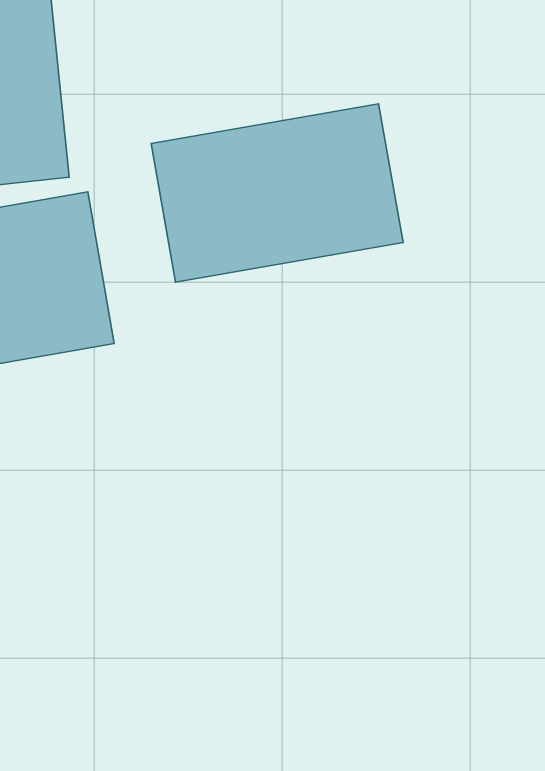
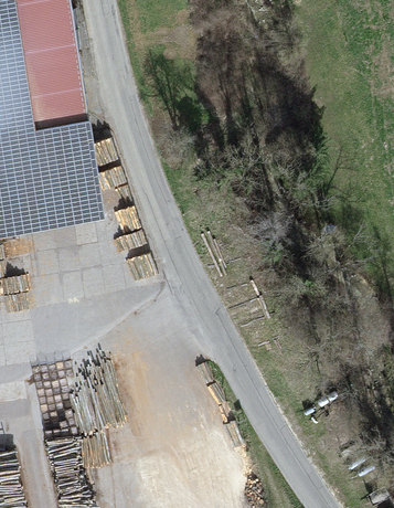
building: [151,104,403,282] -> none

